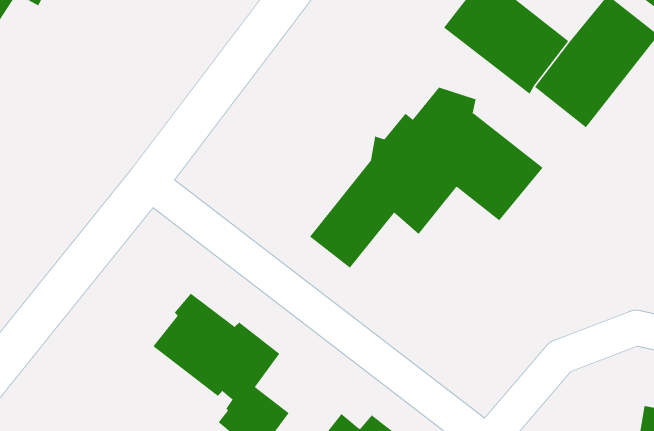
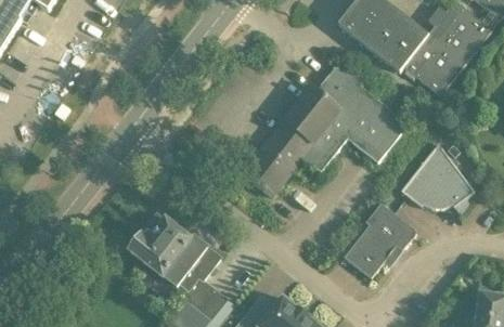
building: none -> [400,143,473,212]
building: none -> [343,202,413,278]

